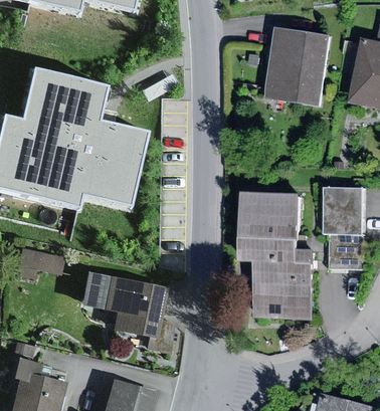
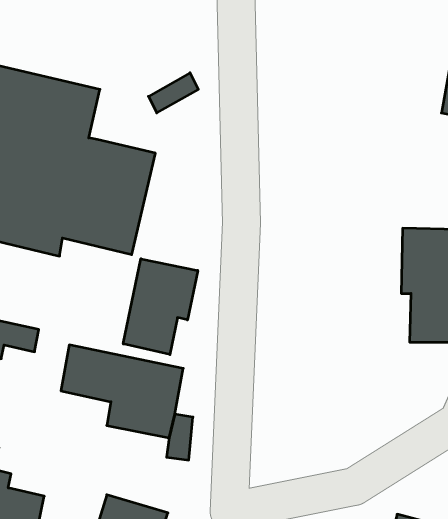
building: [264,28,331,104] -> none
building: [239,192,312,318] -> none
building: none -> [123,259,198,355]

